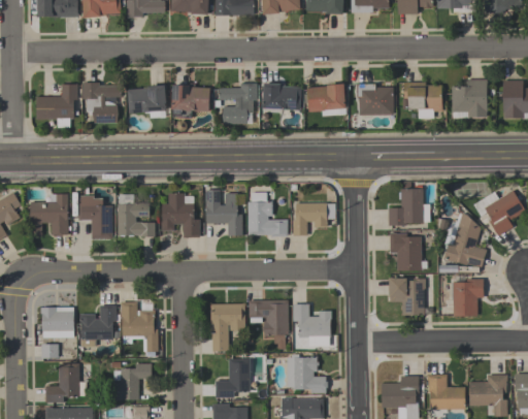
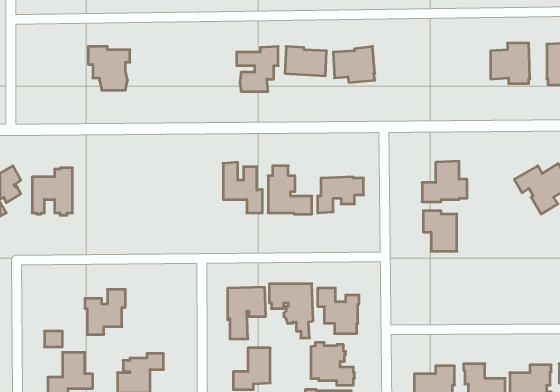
building: [404,82,442,118] -> none
building: [171,83,210,119] -> none
building: [37,84,78,128] -> none
building: [357,84,393,115] -> none
building: [128,85,167,119] -> none
building: [161,193,200,237] -> none
building: [118,194,155,237] -> none
building: [78,196,112,238] -> none
building: [443,214,487,267] -> none
building: [389,277,425,315] -> none
building: [453,279,484,316] -> none
building: [121,302,158,352] -> none
building: [41,307,74,337] -> none

